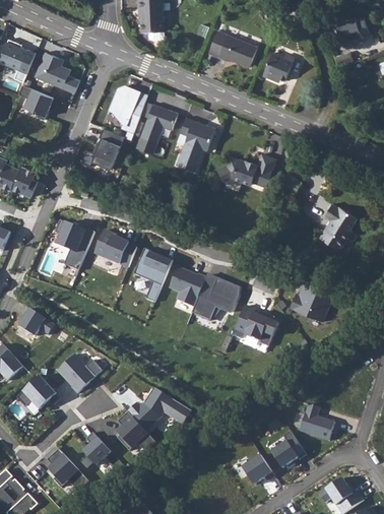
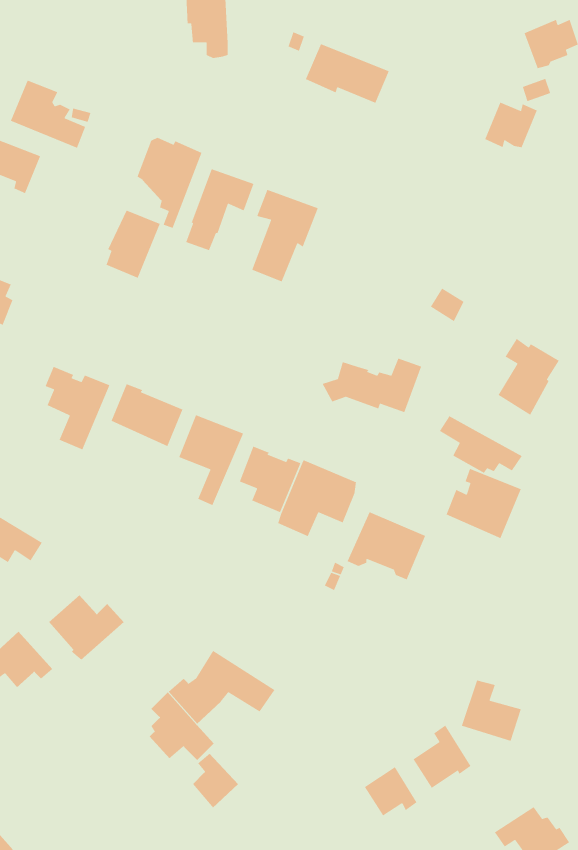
building: [263,53,295,80] -> [484,101,538,148]
building: [217,154,276,187] -> [321,358,422,413]
building: none -> [439,415,523,474]
building: [83,433,111,465] -> [192,753,239,808]
building: [47,449,88,491] -> none

